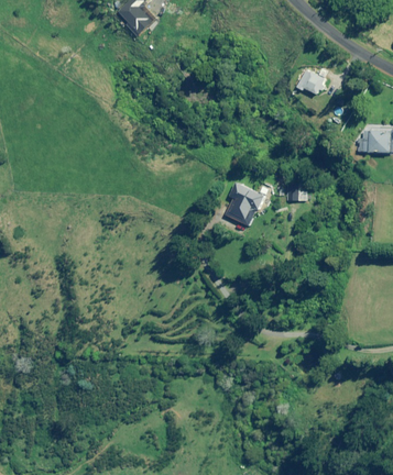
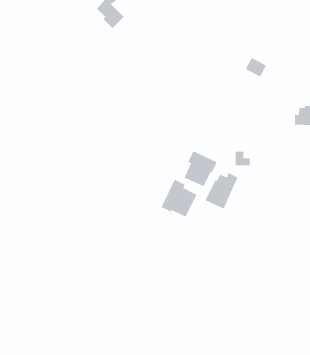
building: none -> [205,172,238,210]
building: none -> [161,179,197,217]

